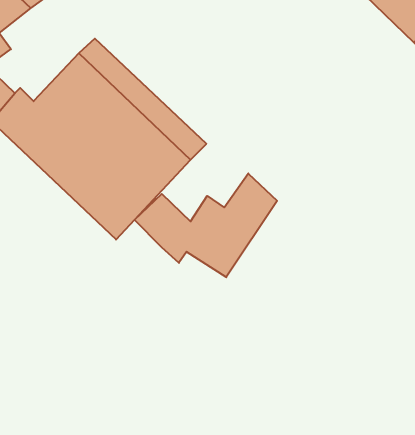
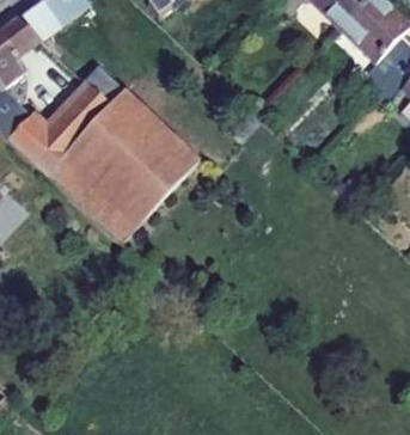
building: [134,173,277,277] -> none

